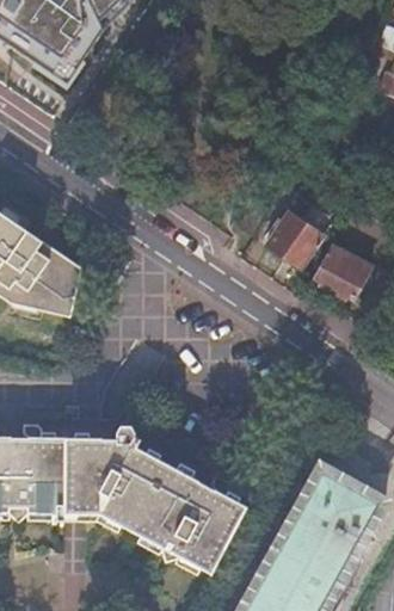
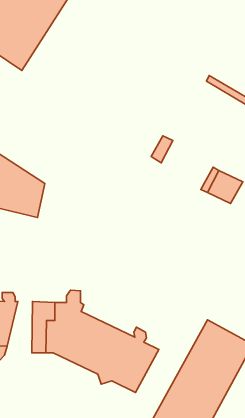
building: [267,211,326,270] -> none
building: [26,438,67,516] -> none

